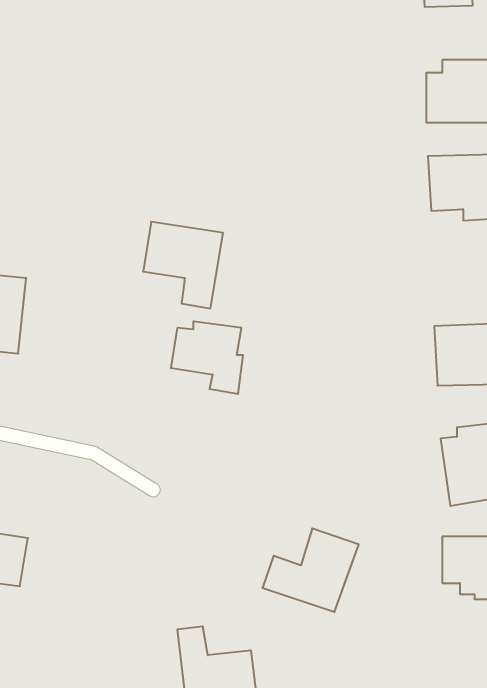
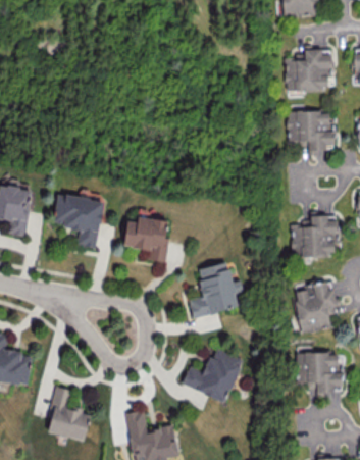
building: [143,222,223,308] -> [53,193,104,248]
building: none -> [189,262,244,317]
building: none -> [49,386,91,441]

